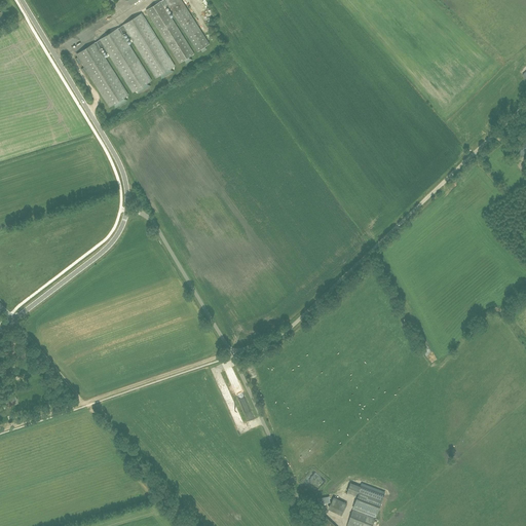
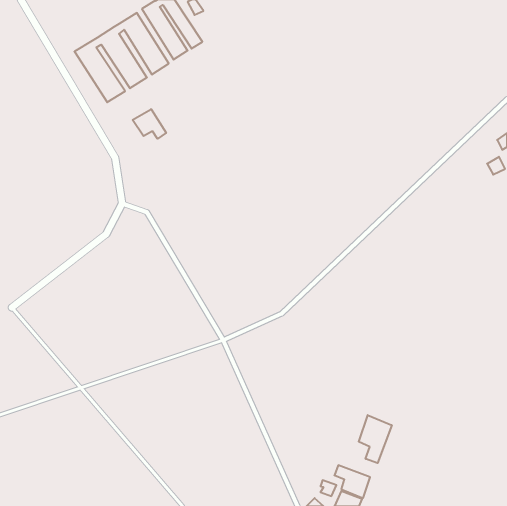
building: none -> [133,109,166,139]
building: none -> [359,415,392,463]

